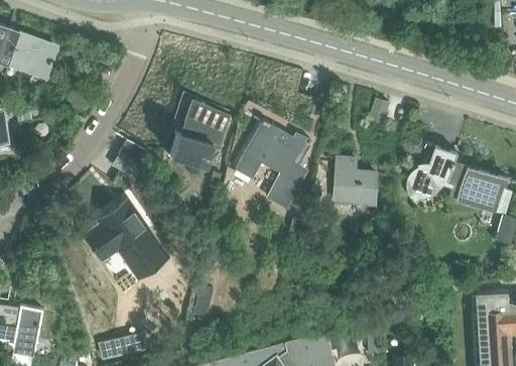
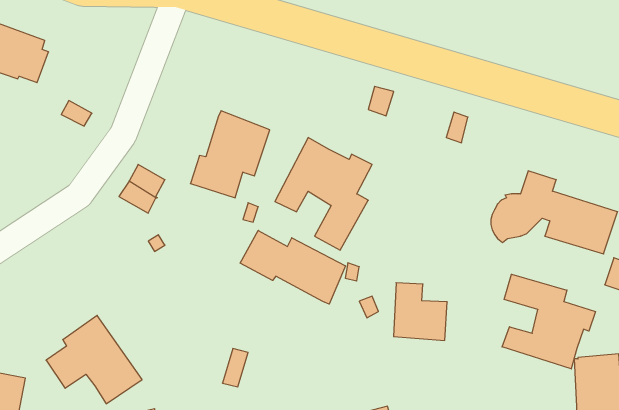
building: [334,159,376,205] -> [394,283,447,340]
building: none -> [240,230,345,304]
building: [88,202,163,271] -> [46,315,142,404]
building: none -> [502,274,596,369]

